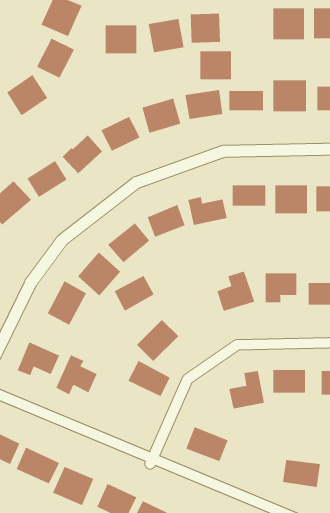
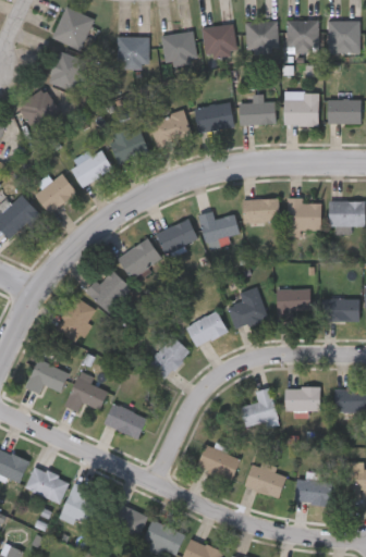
building: [200,51,232,80] -> [244,22,277,51]
building: [114,275,155,312] -> [186,311,228,348]
building: [127,360,170,397] -> [103,403,147,440]
building: none -> [245,463,288,498]

